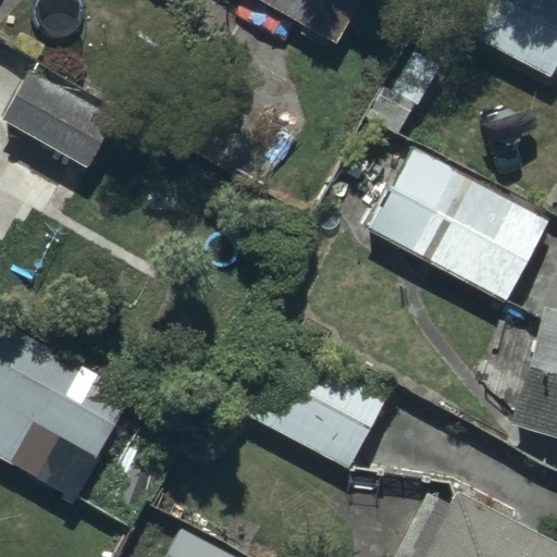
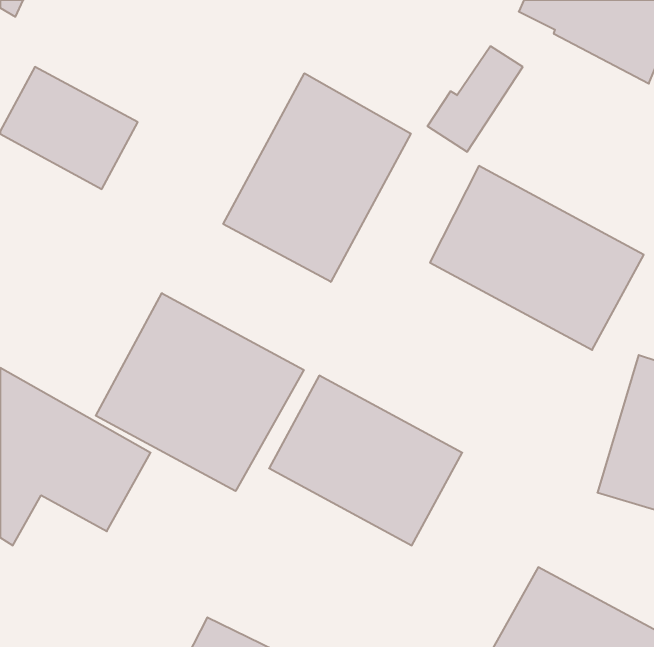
building: none -> [223,73,411,282]
building: none -> [96,293,304,491]

